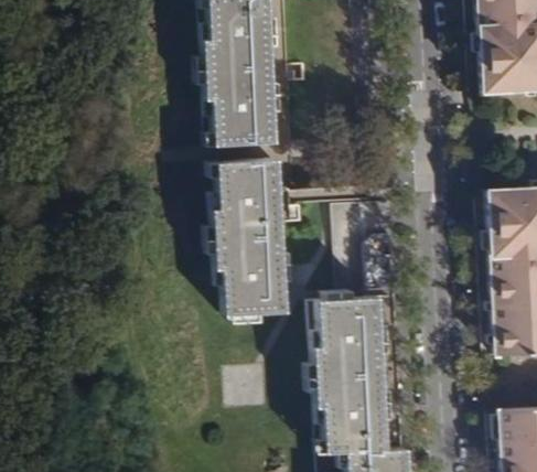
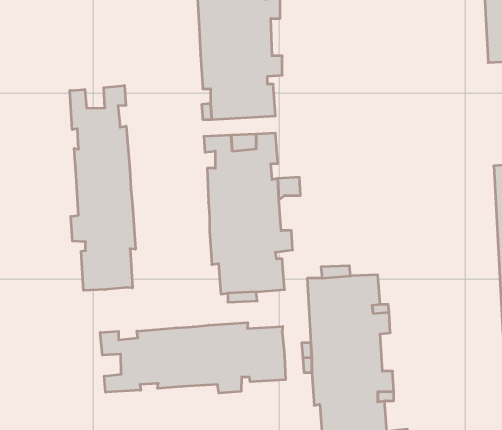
building: none -> [70,85,135,290]
building: none -> [100,323,285,393]

